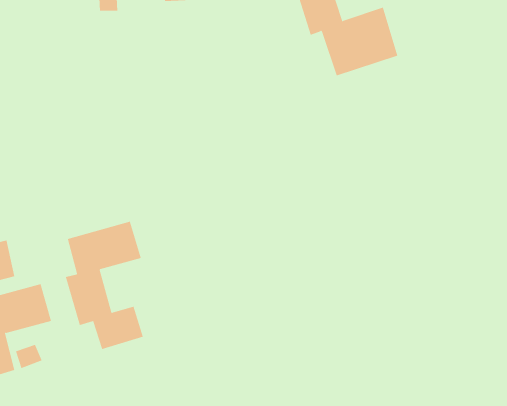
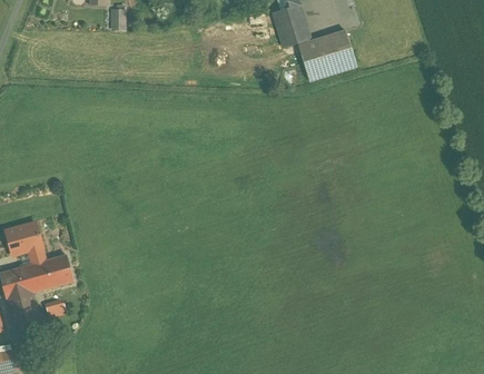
building: [65,221,143,350] -> none

